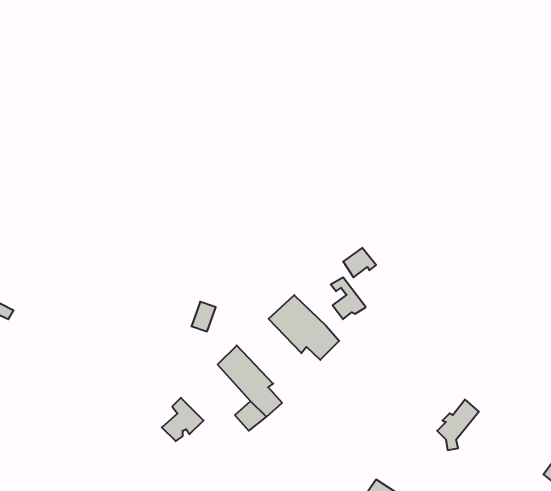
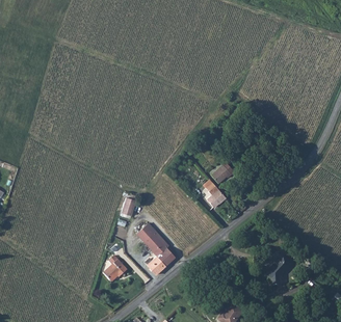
building: [269,295,339,360] -> none

